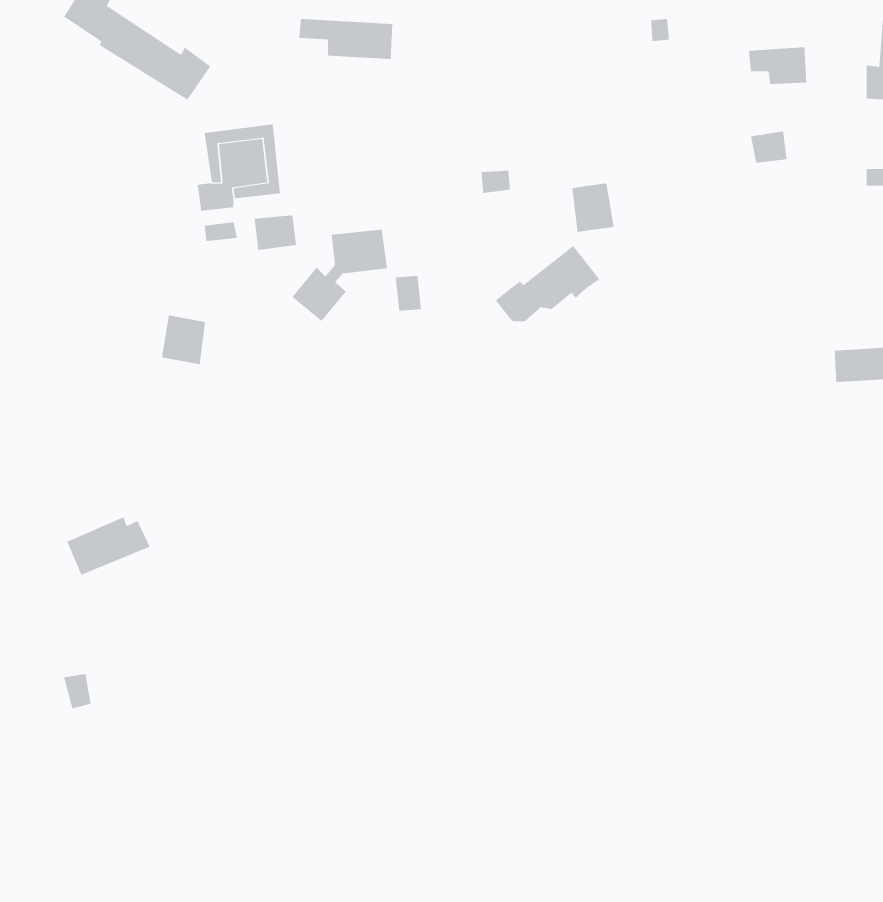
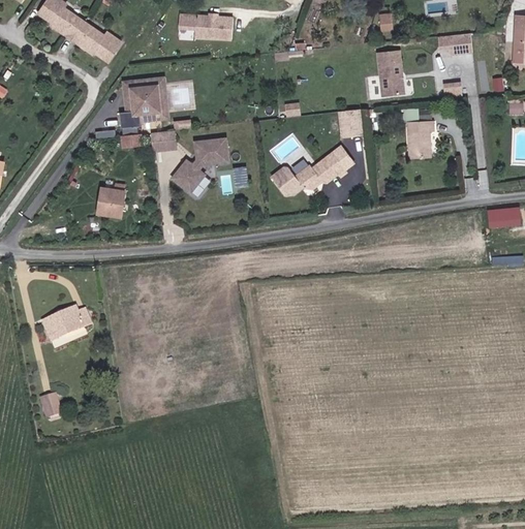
building: none -> [377,49,404,94]
building: none -> [403,120,431,157]
building: none -> [270,169,300,196]

